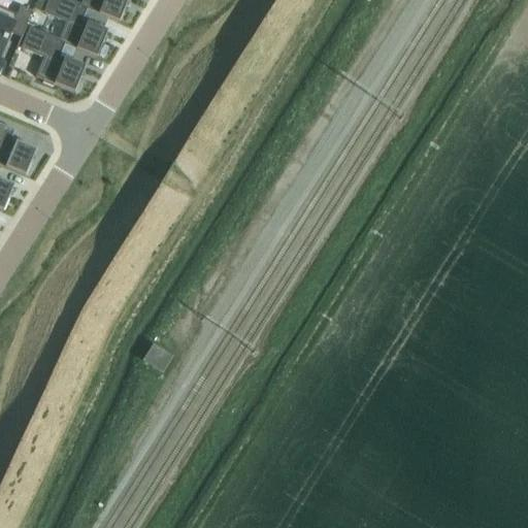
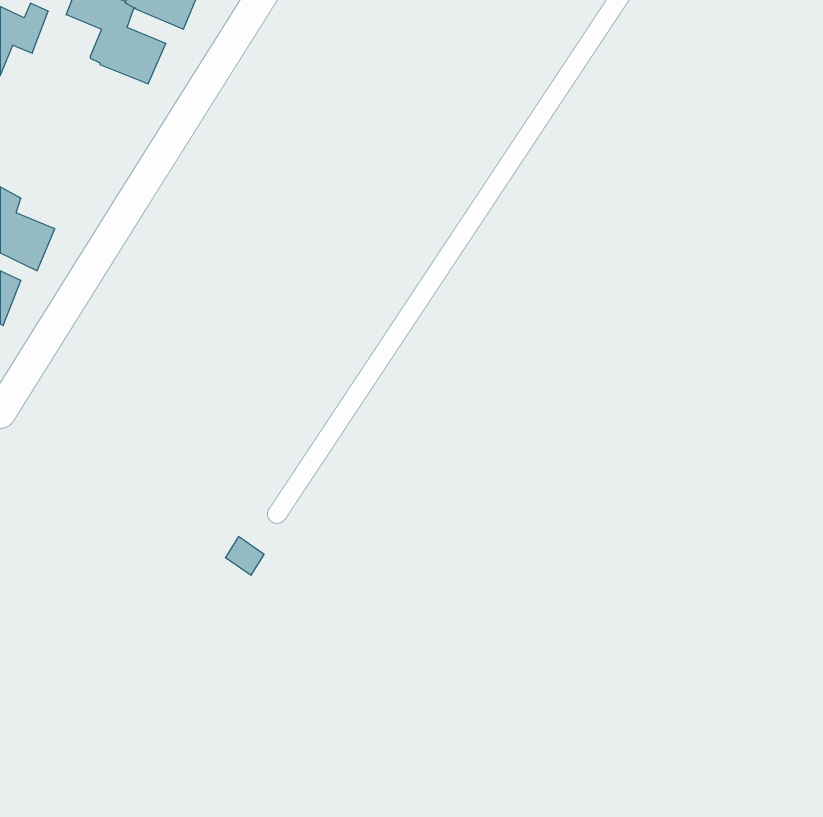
building: [21,24,85,90] -> none

